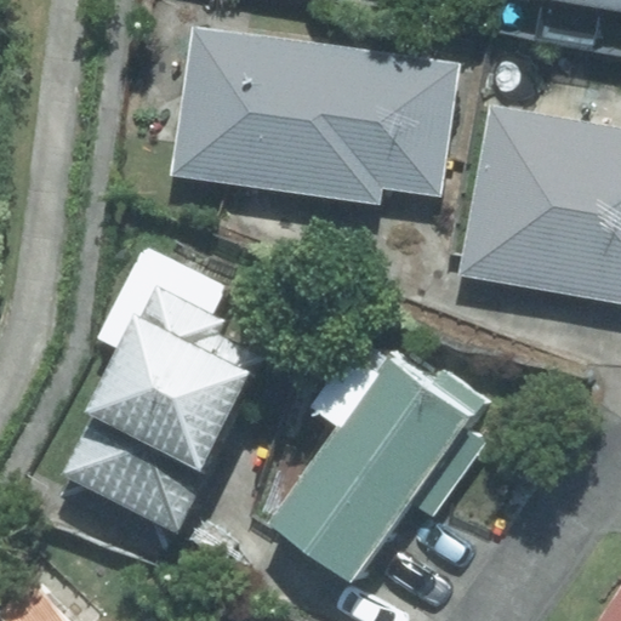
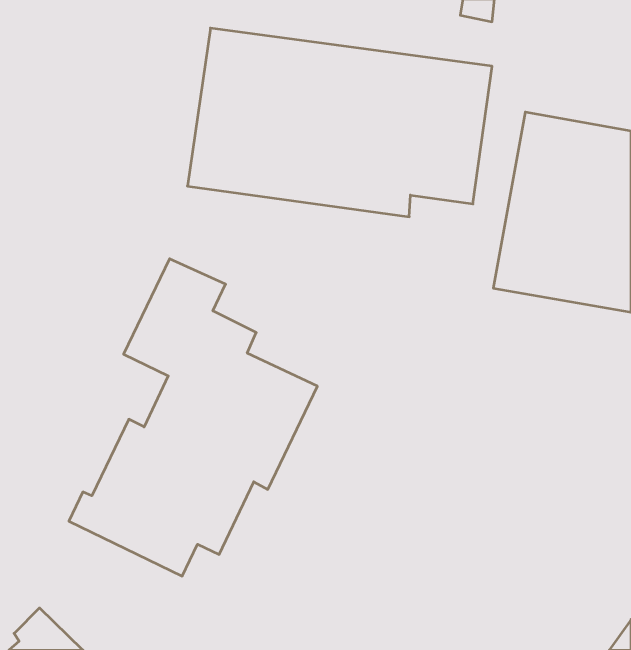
building: [301,349,495,576] -> none

